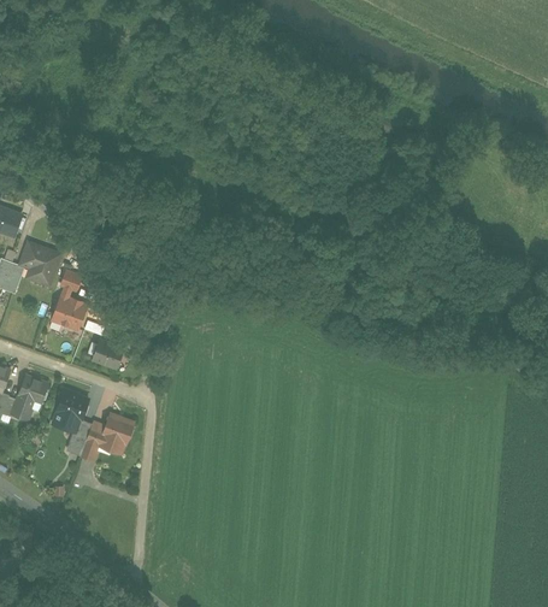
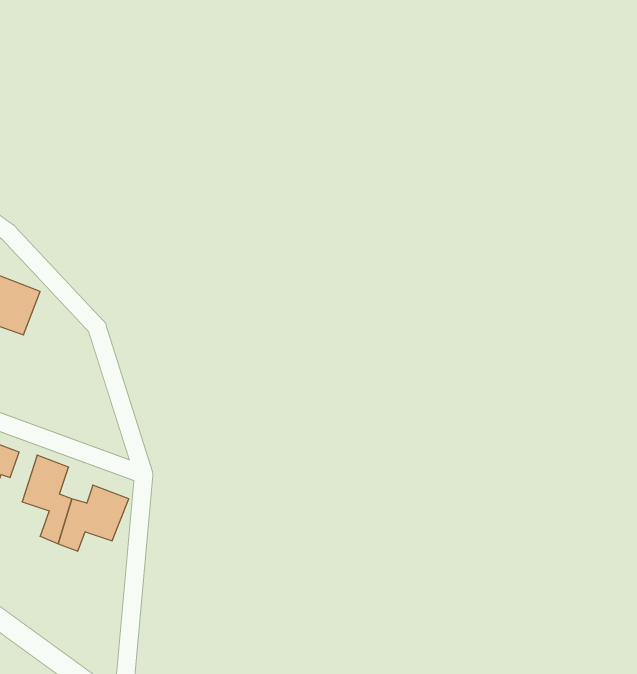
building: [48,270,102,334] -> none
building: [89,335,123,369] -> none

